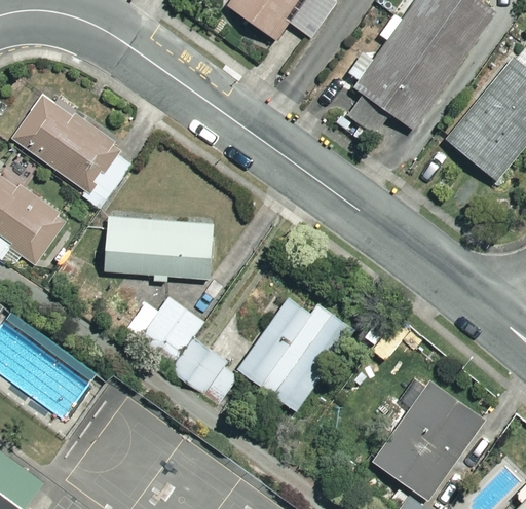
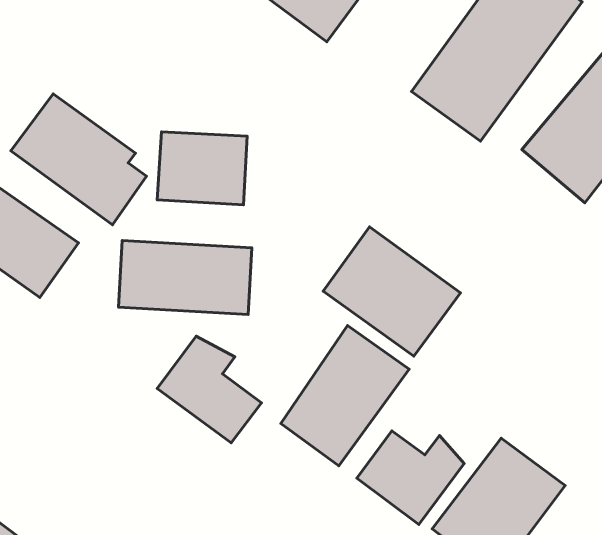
building: none -> [157,132,247,205]
building: none -> [323,227,460,356]
building: none -> [357,431,464,525]

